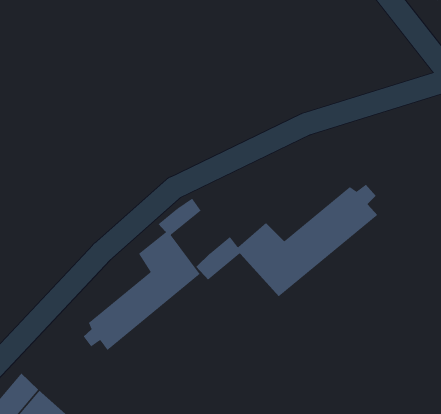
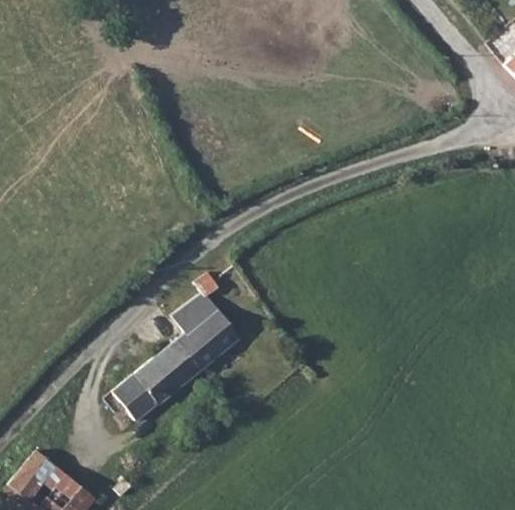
building: [195,184,378,297] -> none

